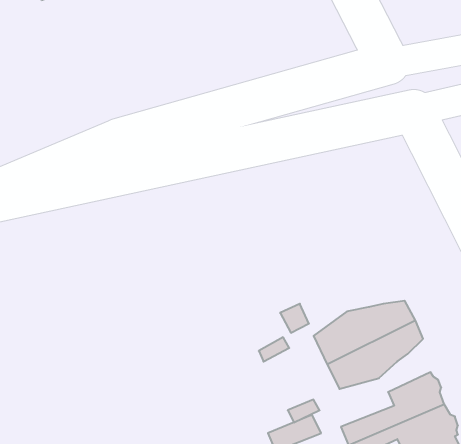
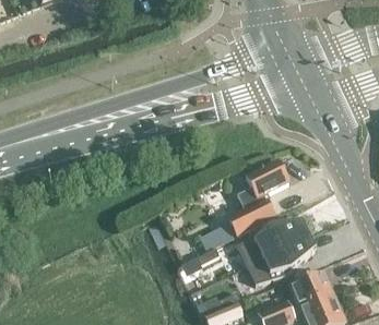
building: none -> [229,160,287,233]

